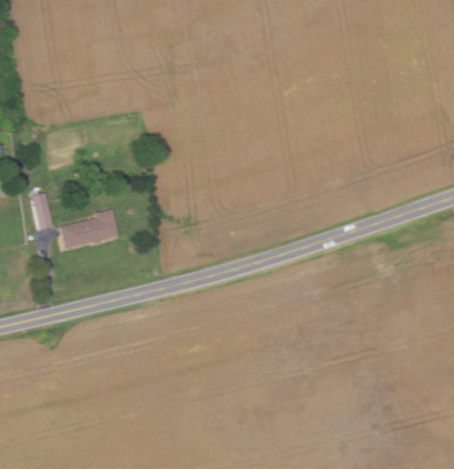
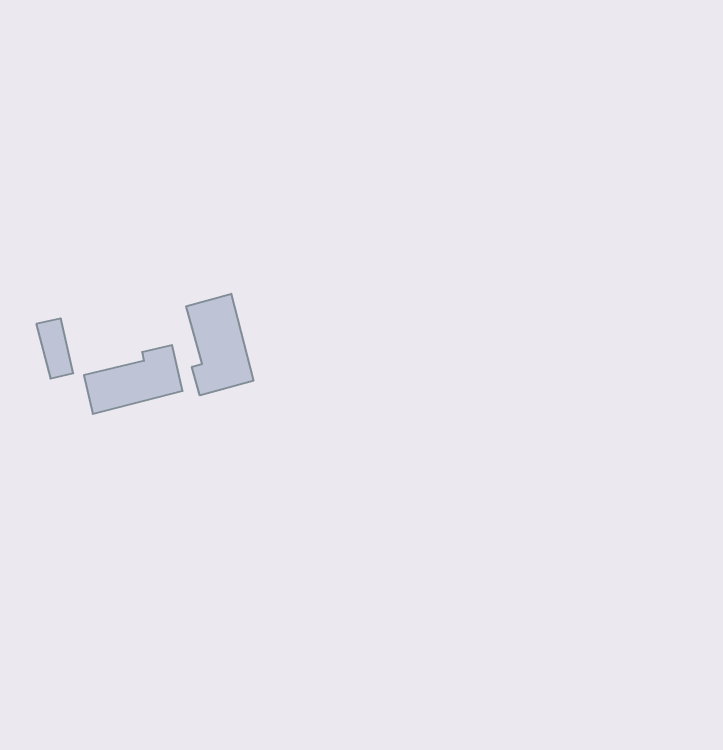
building: none -> [186,294,253,395]

